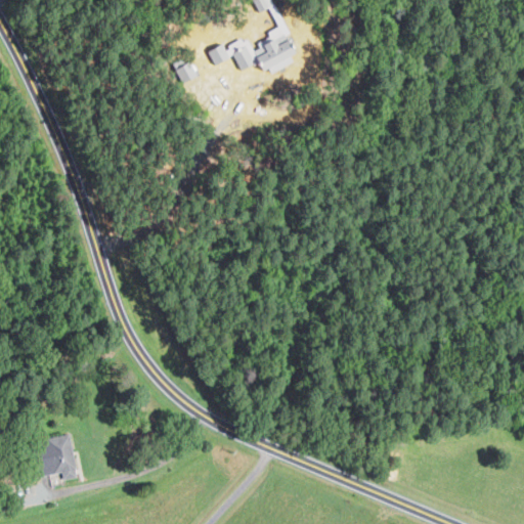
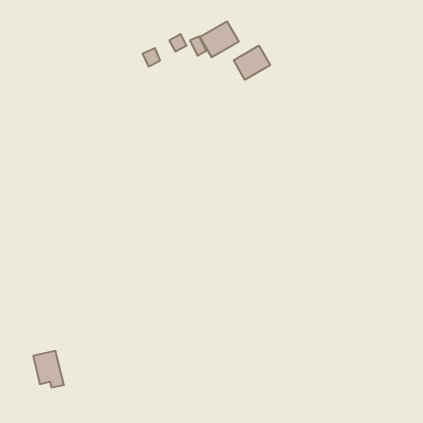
building: none -> [234,46,270,80]

